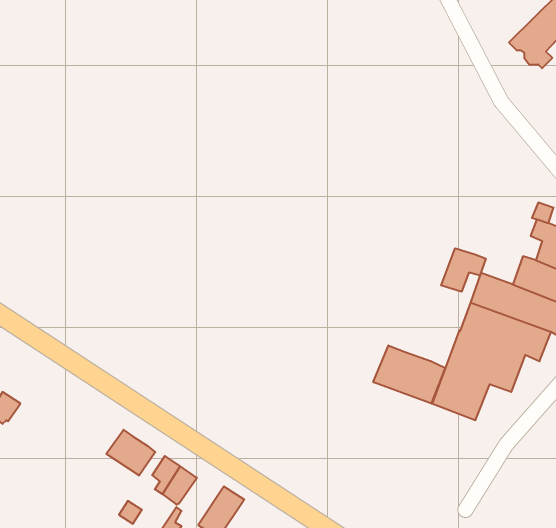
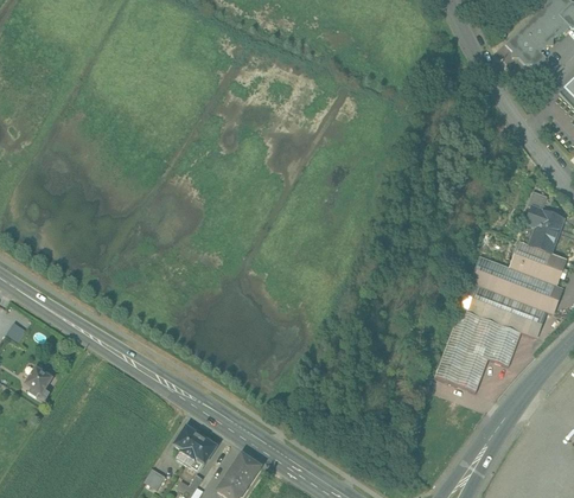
building: [441,248,486,292] -> none
building: [373,345,445,404] -> none
building: [106,430,155,476] -> none

